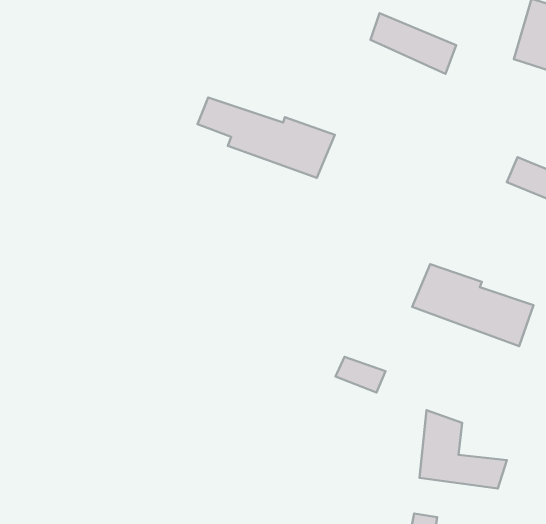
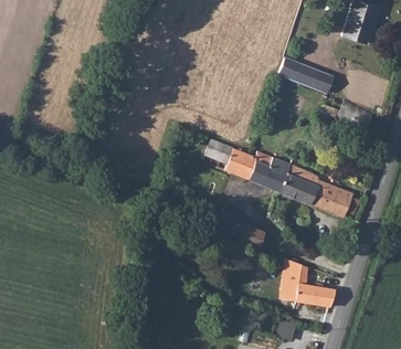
building: [371,13,456,74] -> [277,57,330,95]
building: [197,98,335,178] -> [203,142,288,192]

